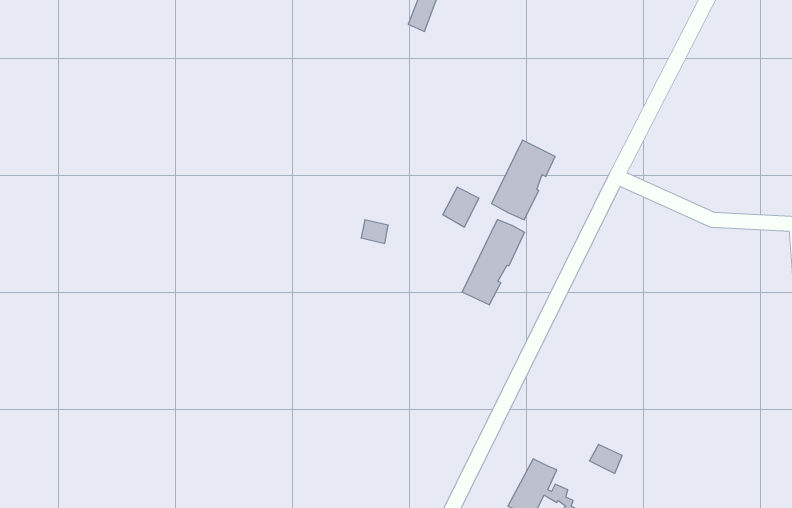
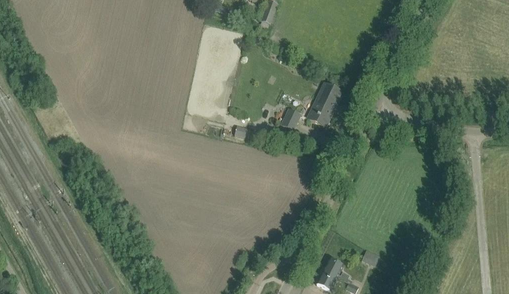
building: [462,220,525,305] -> none

